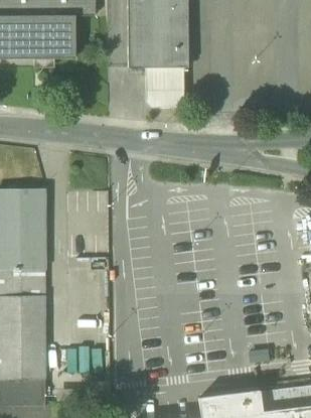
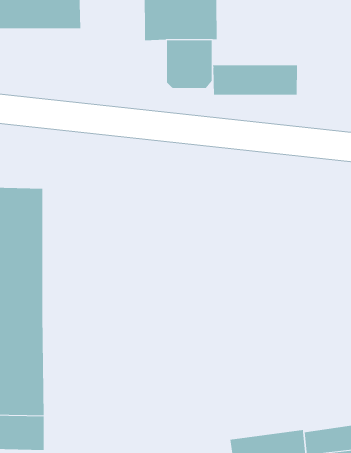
building: none -> [212,64,297,96]

